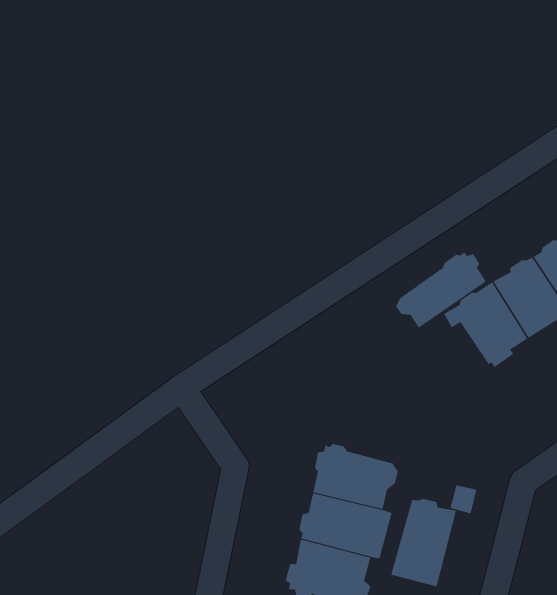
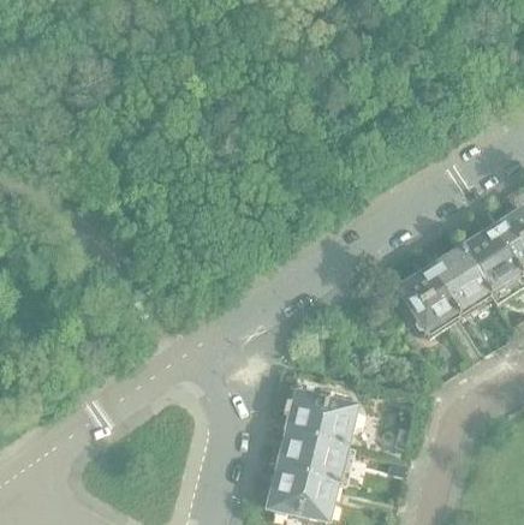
building: [396,251,486,328] -> none
building: [390,498,457,587] -> none

